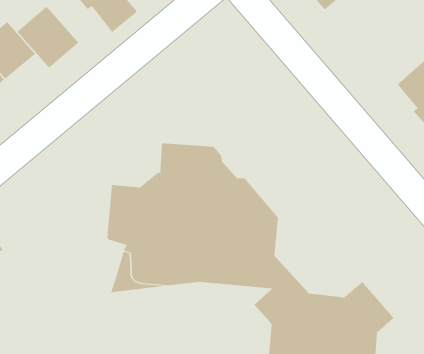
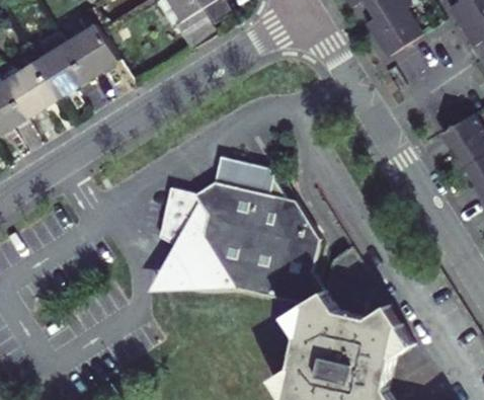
building: [16,6,79,69] -> none

